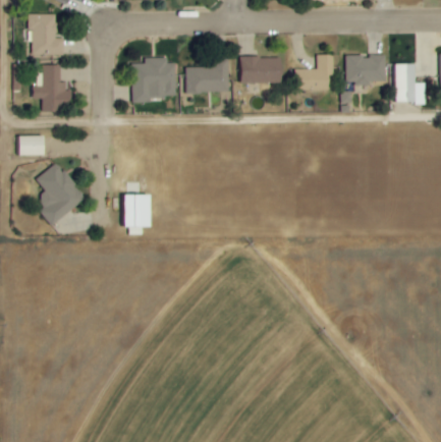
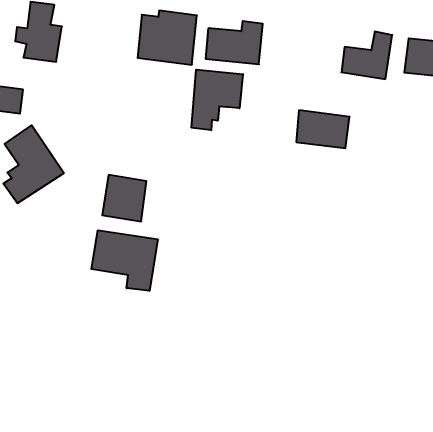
building: [241,57,282,82] -> [296,110,350,148]
building: none -> [192,70,243,130]
building: none -> [91,230,158,291]

